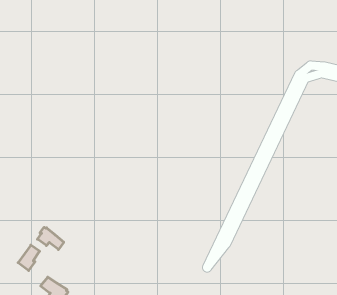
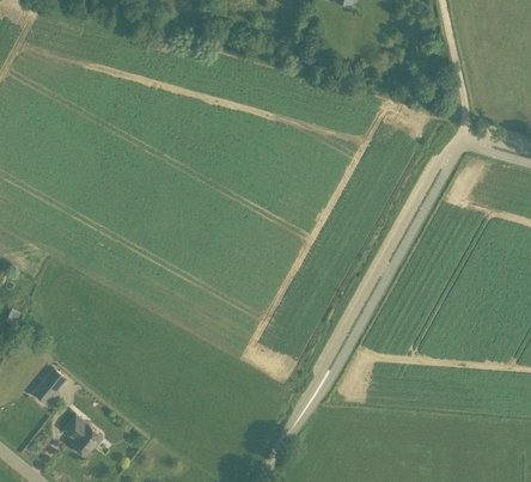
building: [37,227,64,250] -> none

